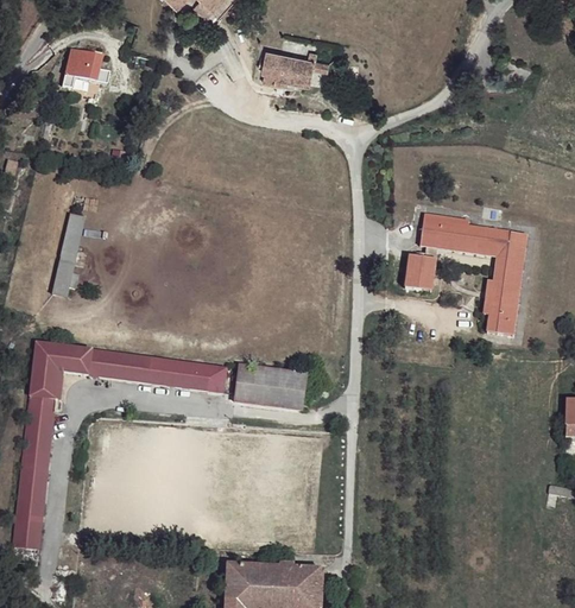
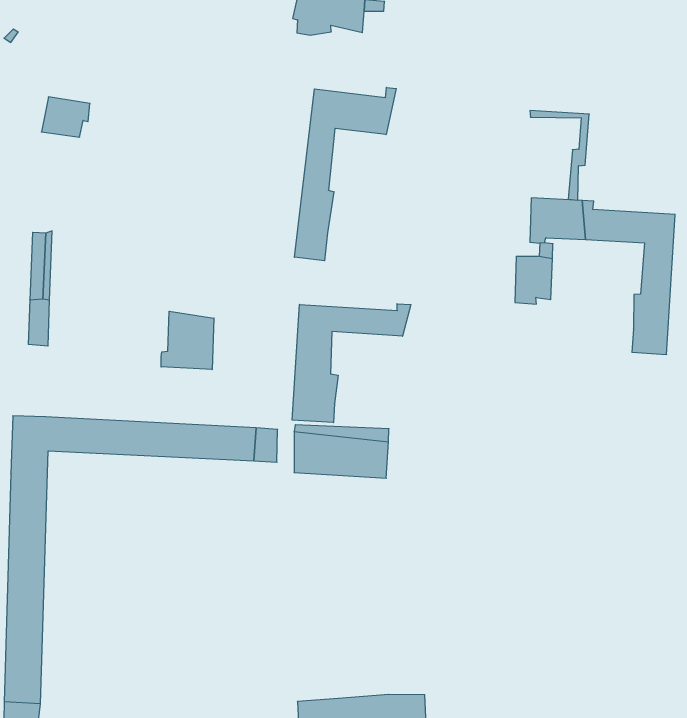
building: [64,49,101,80] -> [41,97,90,137]
building: none -> [294,87,396,261]
building: [461,247,504,315] -> [530,111,589,200]
building: none -> [161,311,214,370]
building: none -> [292,304,411,423]

